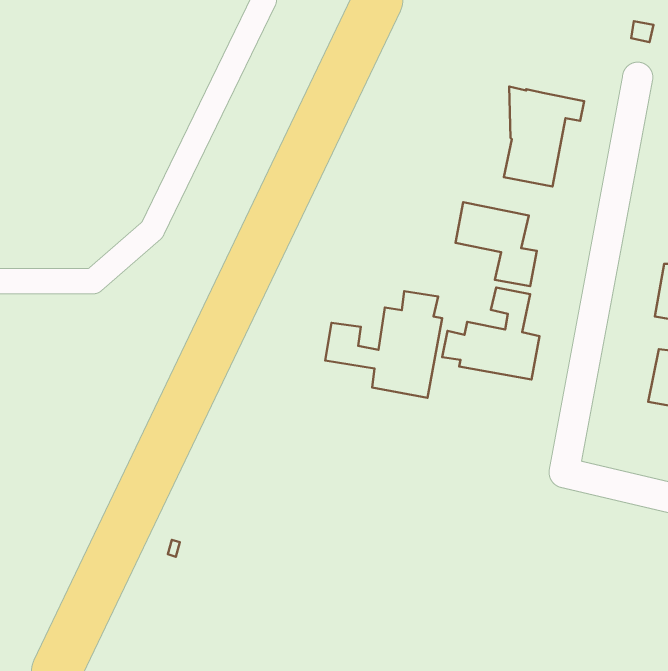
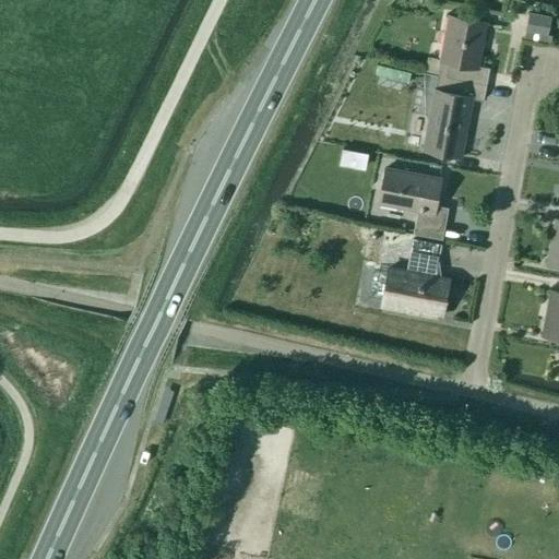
building: none -> [439,14,491,84]
building: [325,291,442,398] -> none

